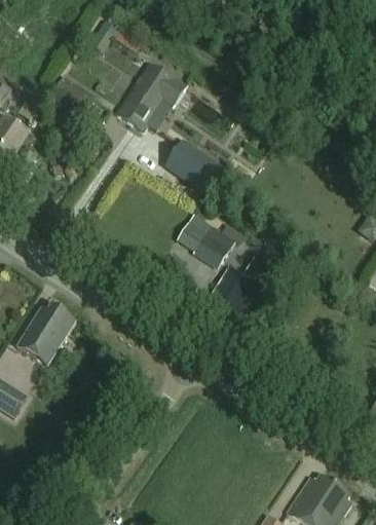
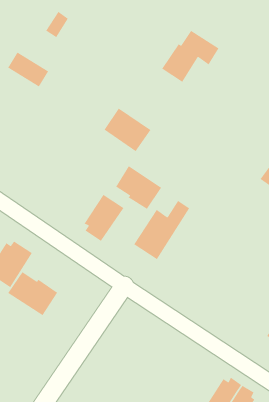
building: [116,63,189,128] -> [161,30,220,83]
building: none -> [84,194,124,242]
building: none -> [7,271,58,316]

